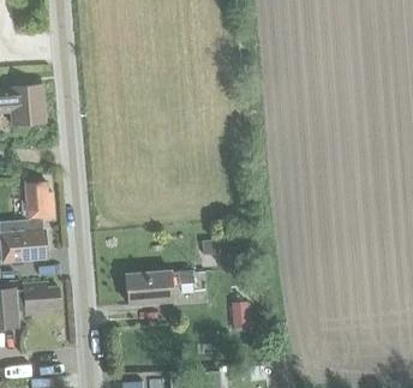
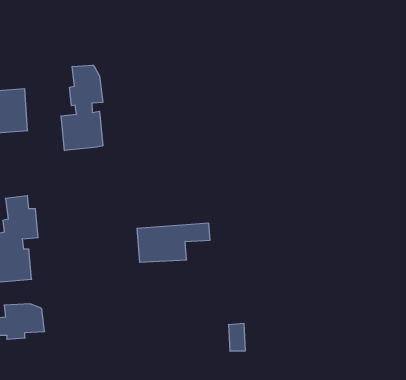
building: none -> [61,65,103,151]
building: [124,268,191,304] -> [137,223,210,262]

